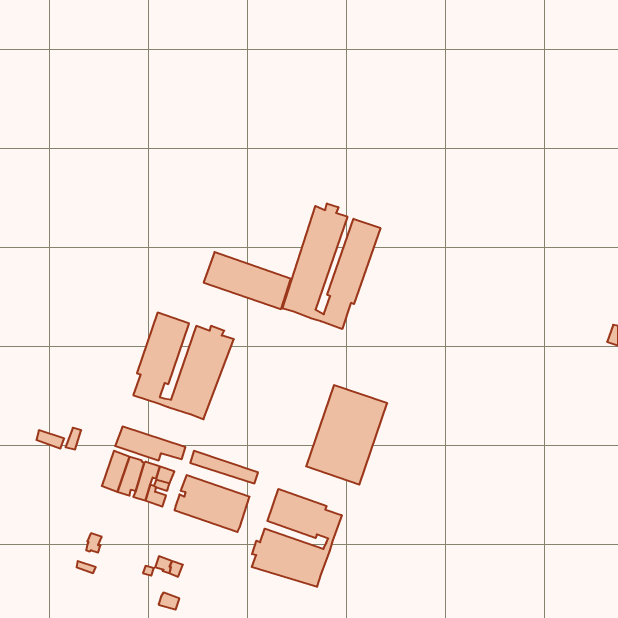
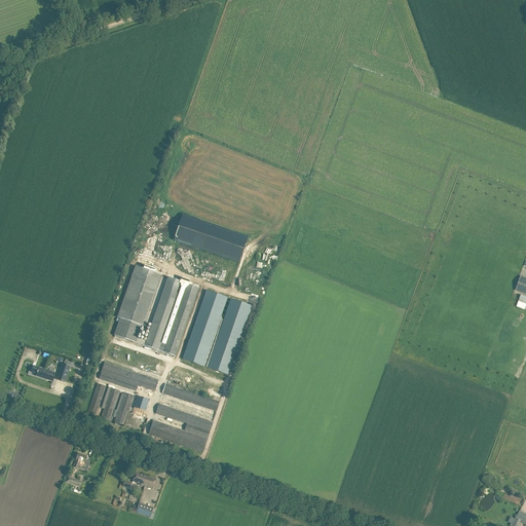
building: [282,203,380,329] -> none
building: [306,385,387,485] -> [182,290,251,374]
building: [252,489,342,587] -> none

